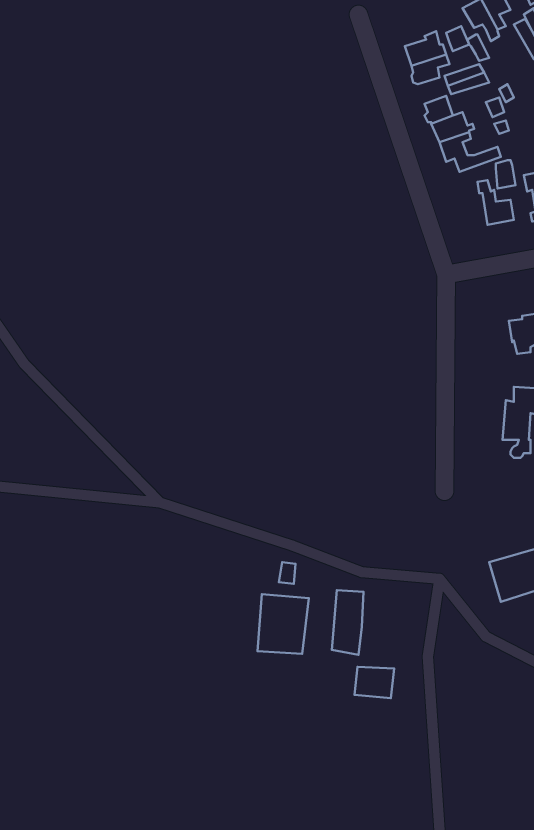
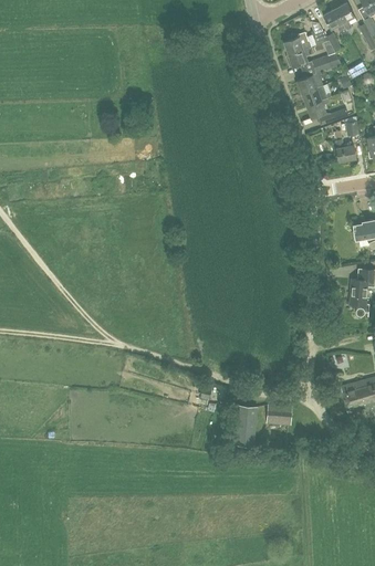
building: [257,594,309,654] -> none
building: [354,667,394,698] -> [264,405,291,426]

